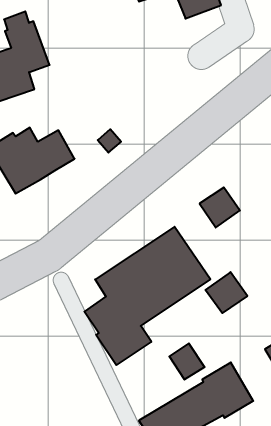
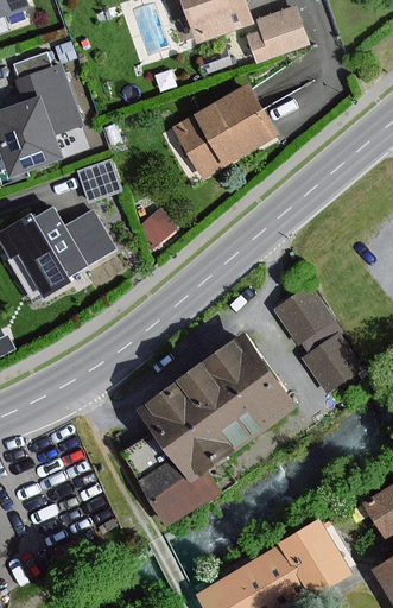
building: none -> [173,86,274,176]
building: [205,272,247,313] -> [304,336,360,391]
building: [169,343,205,380] -> none

